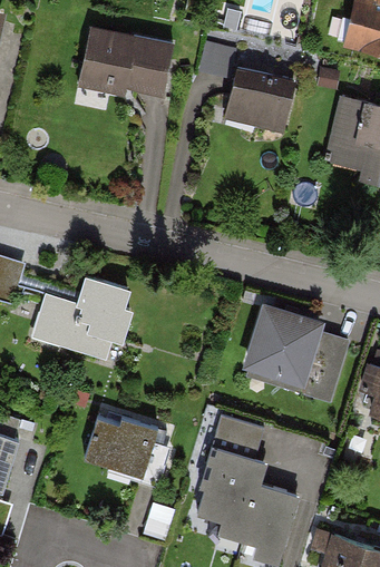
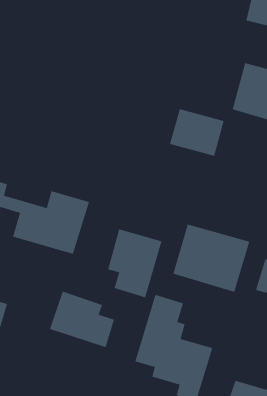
building: [79,25,174,102] -> none
building: [227,65,303,130] -> [169,109,224,156]
building: none -> [107,229,162,298]

